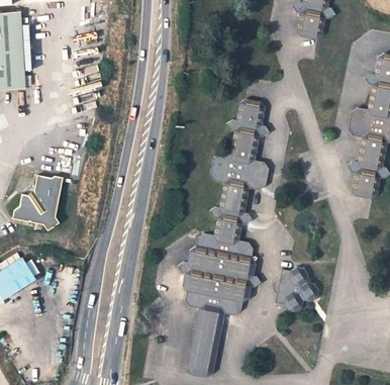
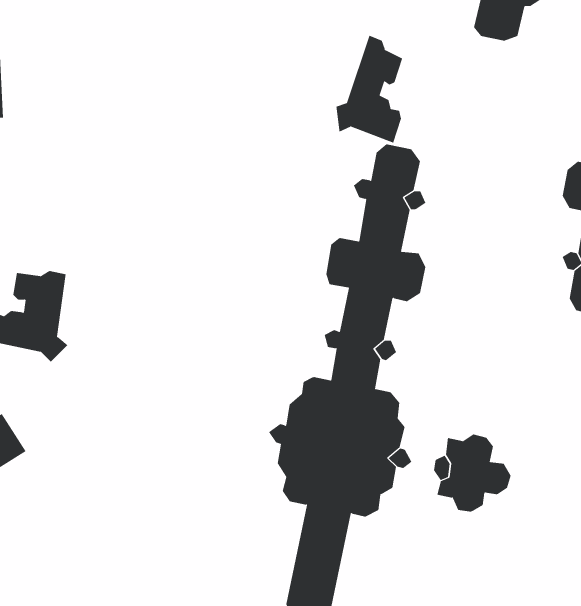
building: none -> [336,35,403,143]

